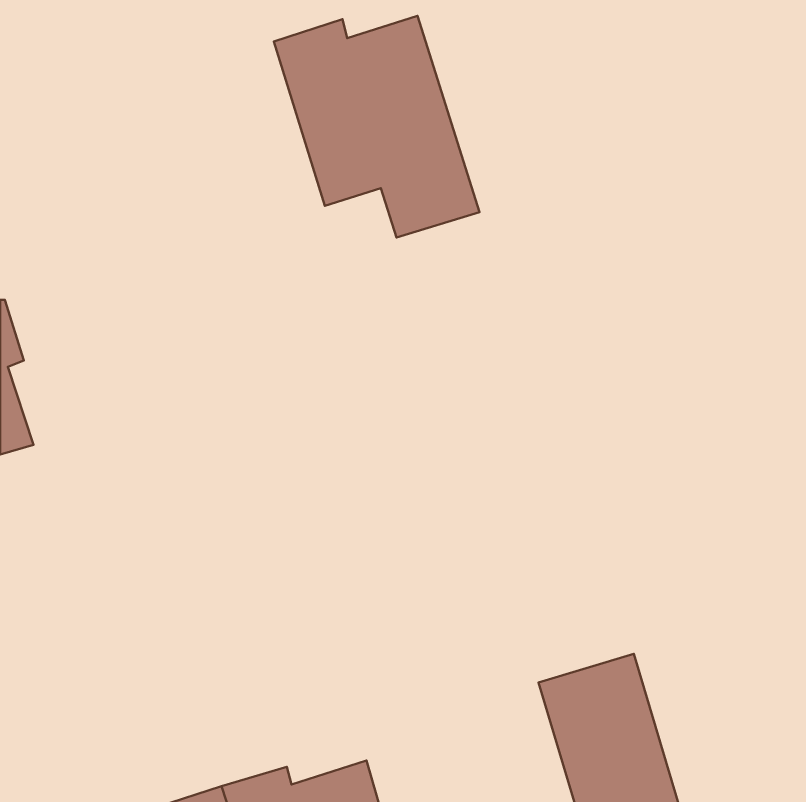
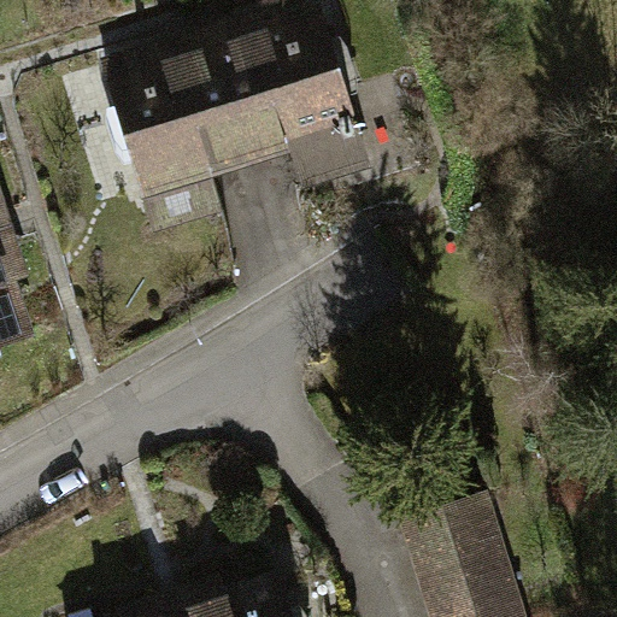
building: none -> [113,41,252,198]

